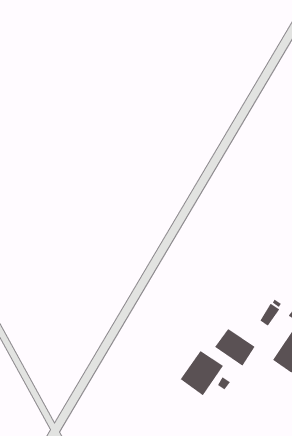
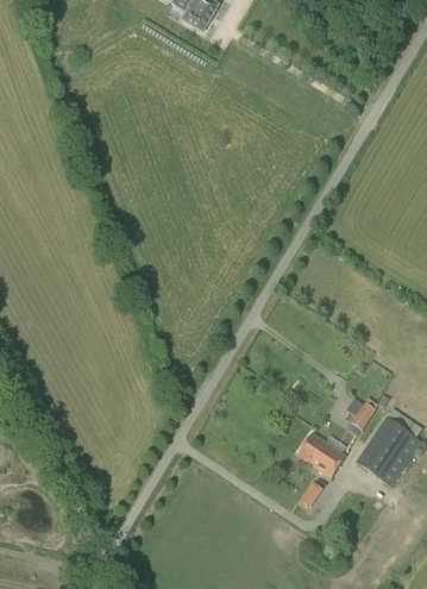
building: [180,350,224,396] -> none

